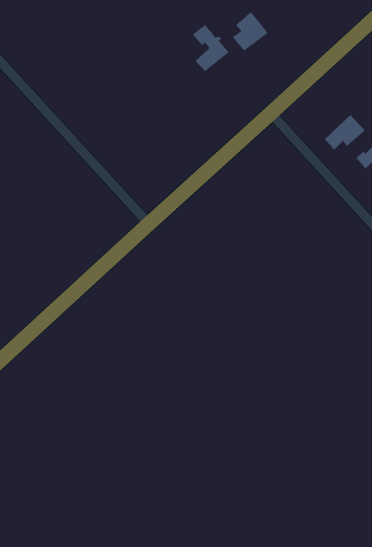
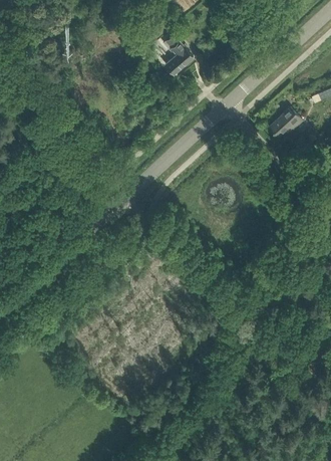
building: [232,11,268,52] -> none

